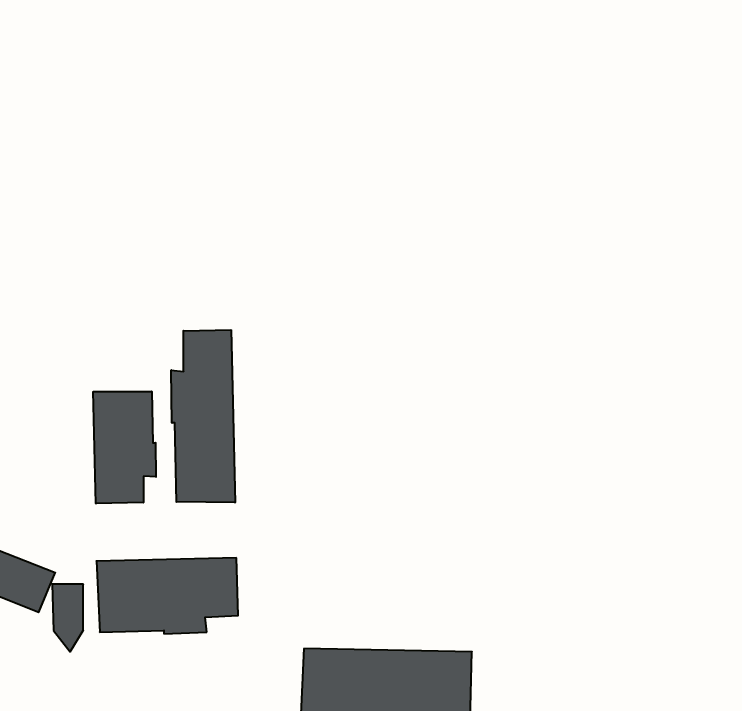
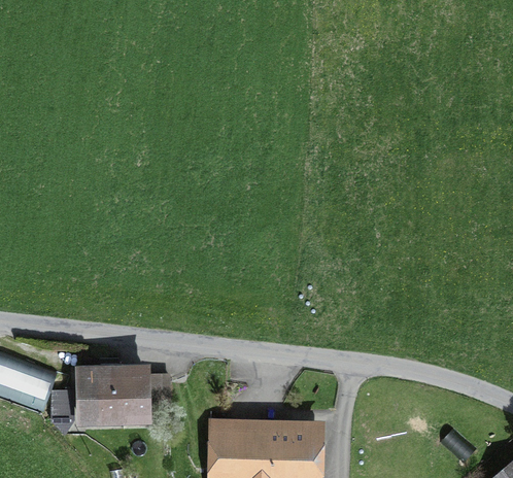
building: [171,330,235,503] -> none
building: [93,391,156,504] -> none

